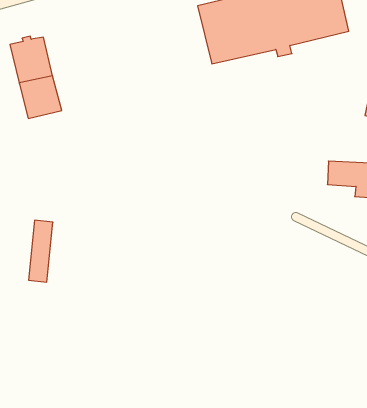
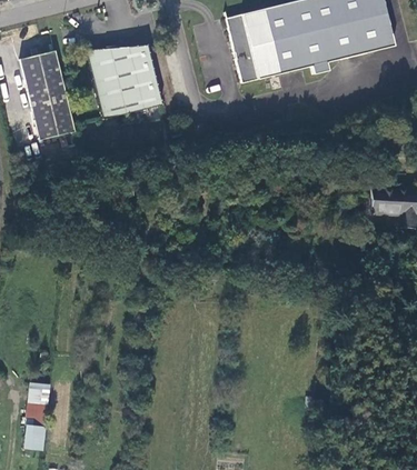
building: none -> [88,43,163,119]
building: [29,220,53,282] -> [23,380,50,448]

